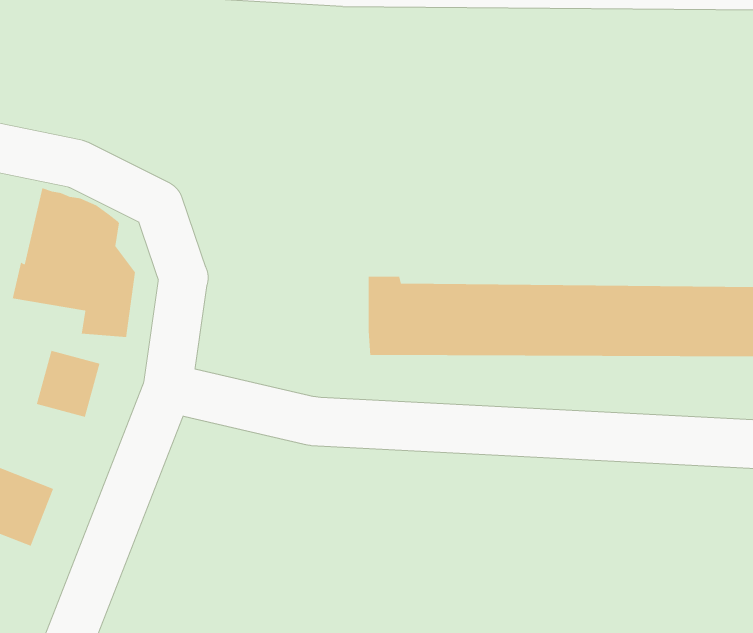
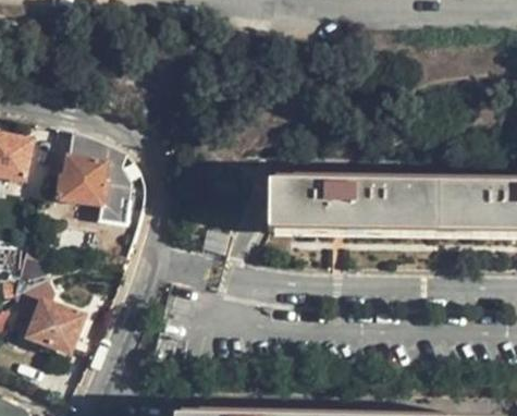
building: [36,350,100,418] -> none

